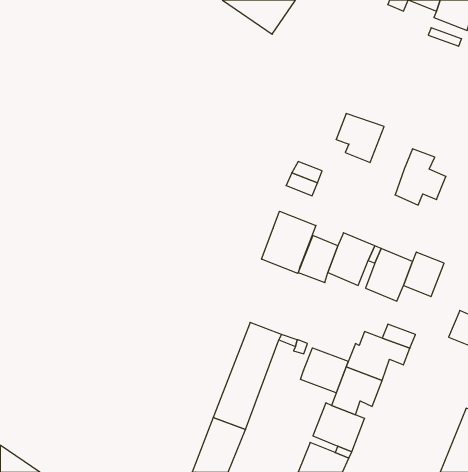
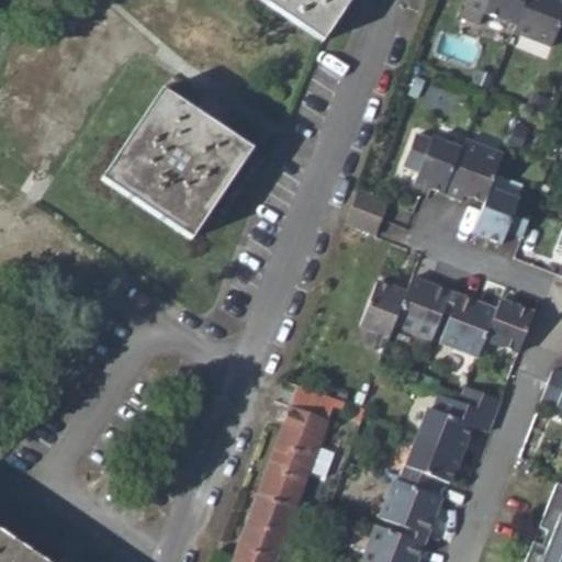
building: none -> [105,88,256,237]
building: none -> [445,140,503,201]
building: [262,211,316,273] -> none
building: [300,348,348,393] -> none

